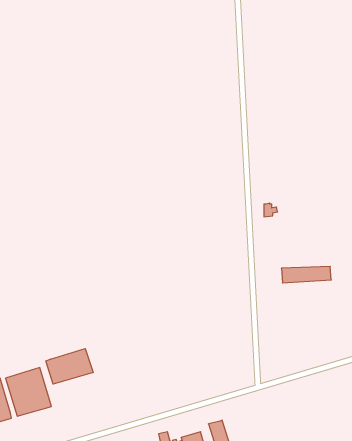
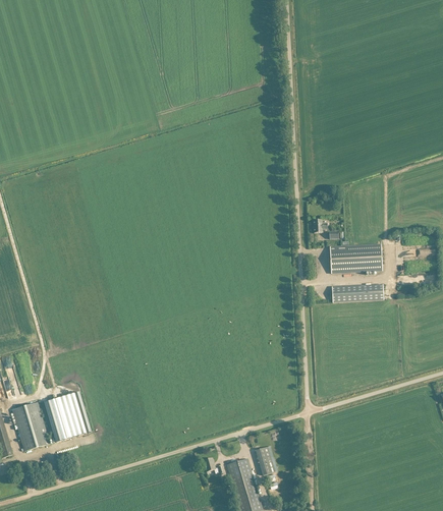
building: none -> [329,243,382,273]
building: [46,349,93,384] -> none

